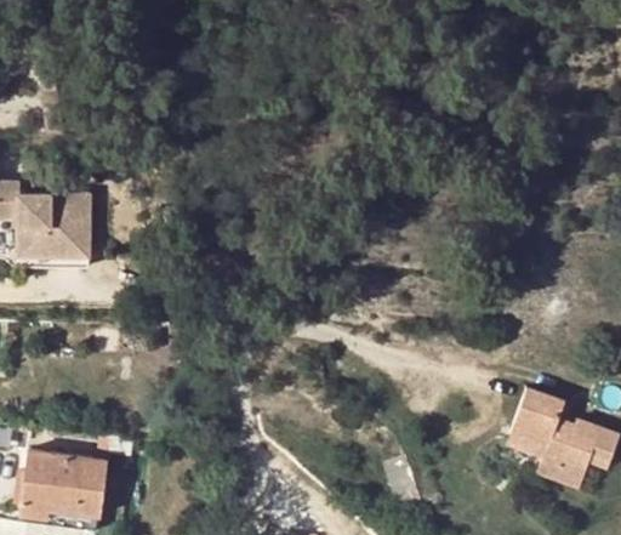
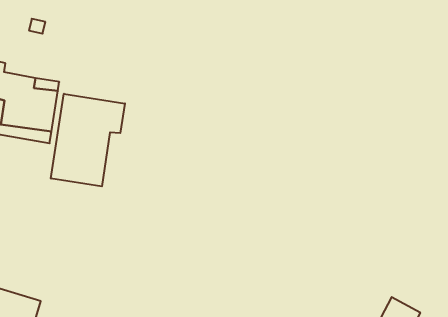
building: none -> [51,94,125,186]

